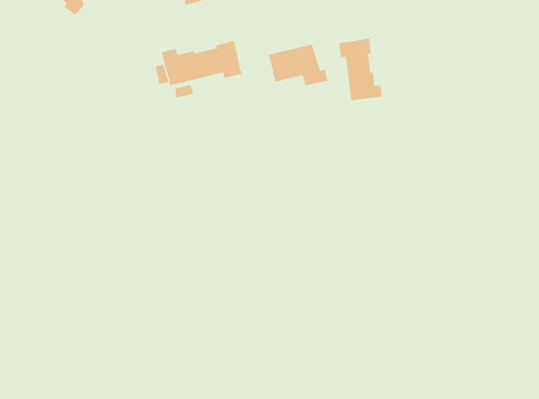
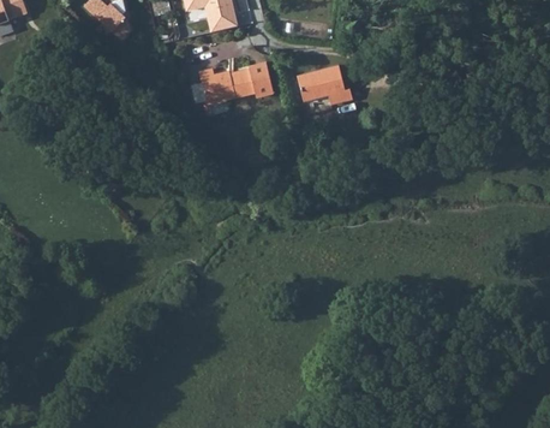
building: [338,38,382,102] -> none

